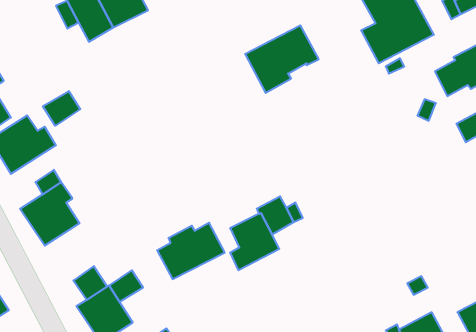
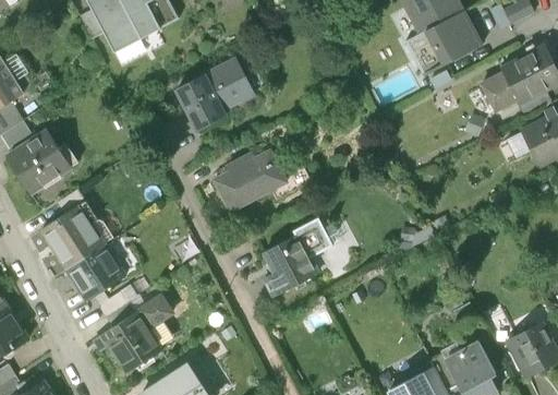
building: [245,25,319,93] -> [174,58,253,130]
building: [43,91,80,126] -> none
building: [157,223,225,279] -> [213,149,284,210]
building: none -> [66,246,123,300]

